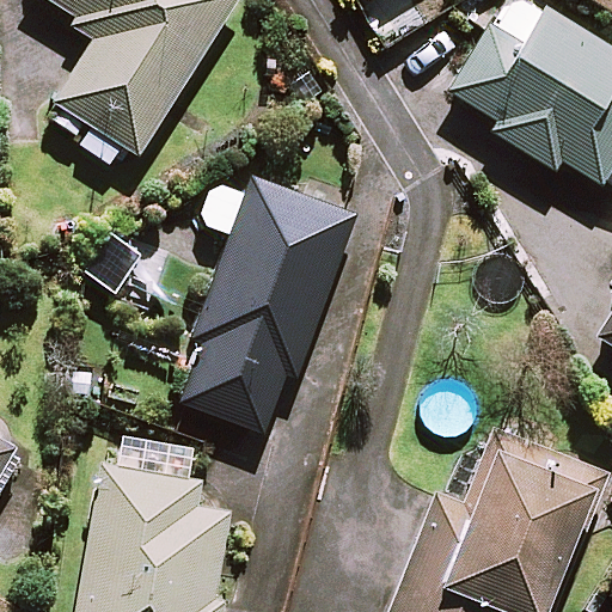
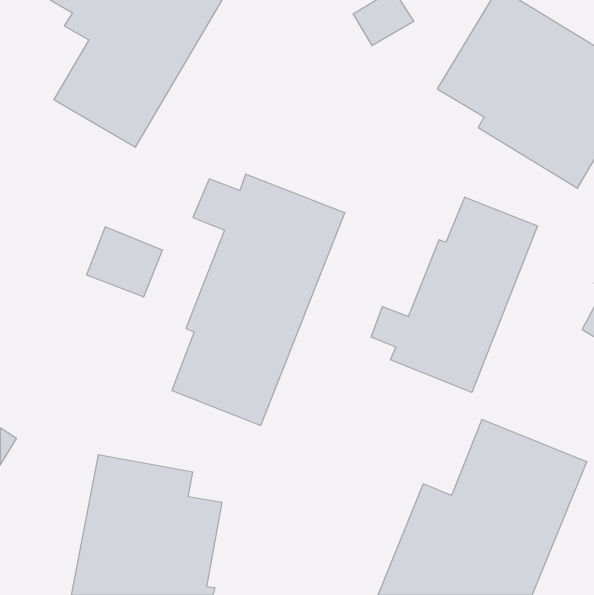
building: none -> [371,197,538,392]

